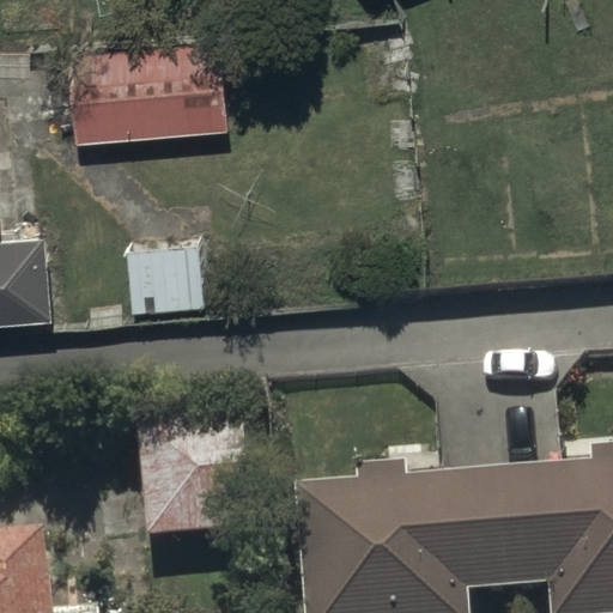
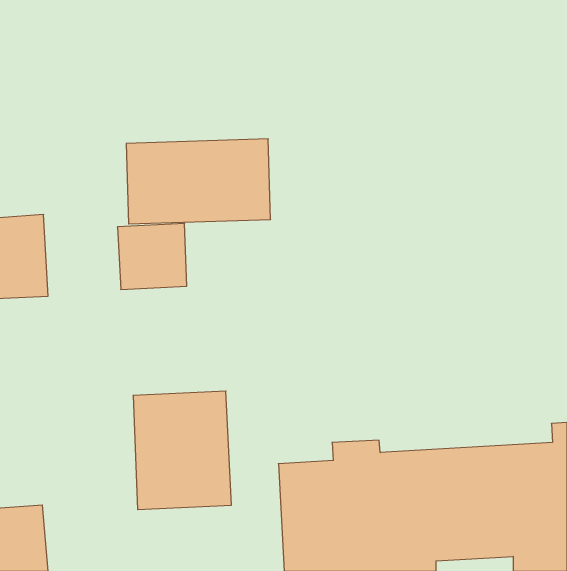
building: [72,44,226,135] -> [126,139,271,224]

